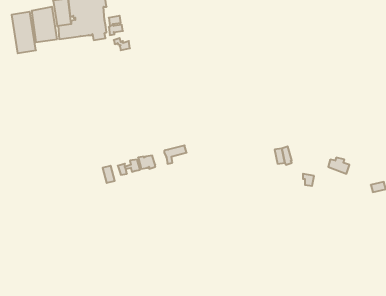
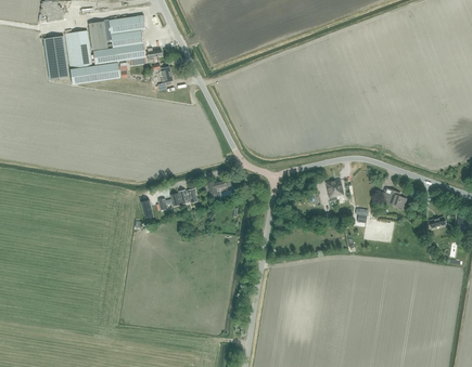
building: none -> [71,62,119,84]

